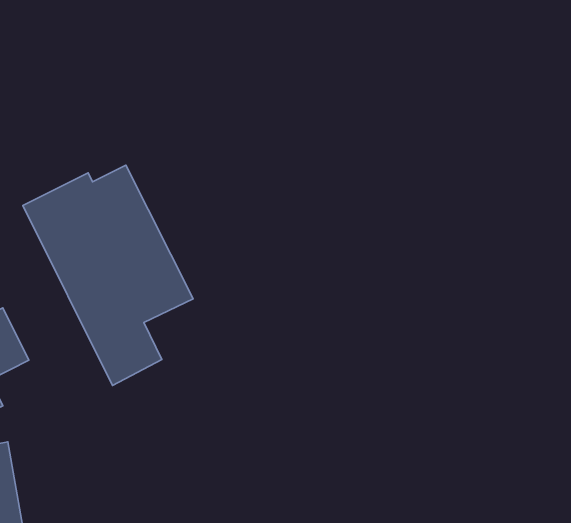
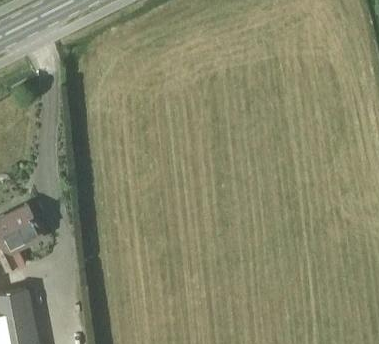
building: [23,165,193,385] -> none

